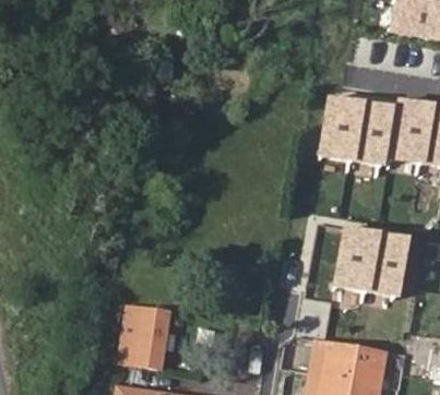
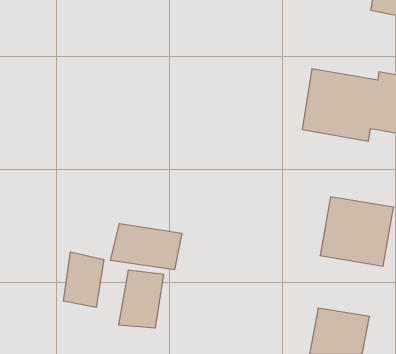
building: none -> [110,223,182,270]
building: none -> [64,252,104,307]

